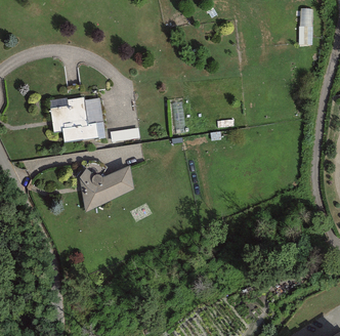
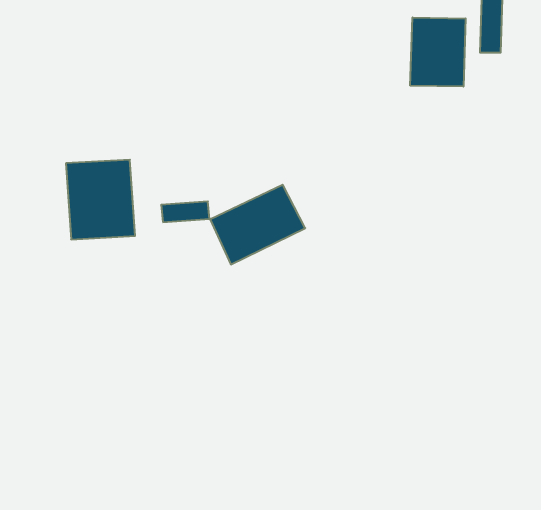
building: none -> [410,17,466,87]
building: [79,162,135,209] -> [210,185,305,264]

